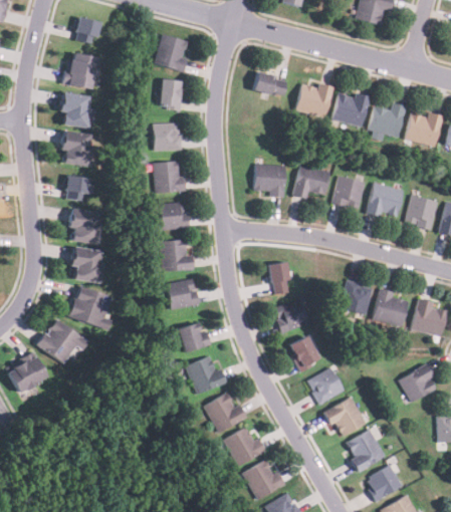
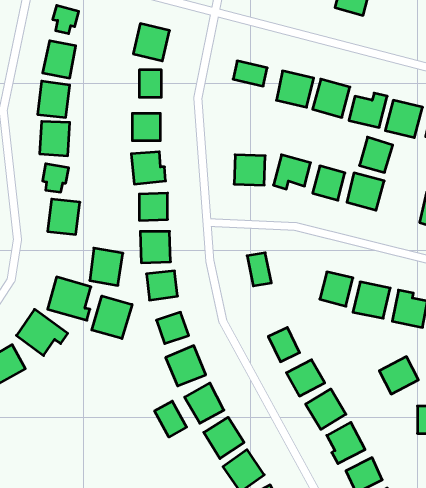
building: [405,195,438,230] -> [359,137,393,172]
building: [69,246,102,283] -> [90,248,123,285]
building: [273,299,308,333] -> none
building: none -> [92,296,132,339]
building: none -> [155,401,187,437]

